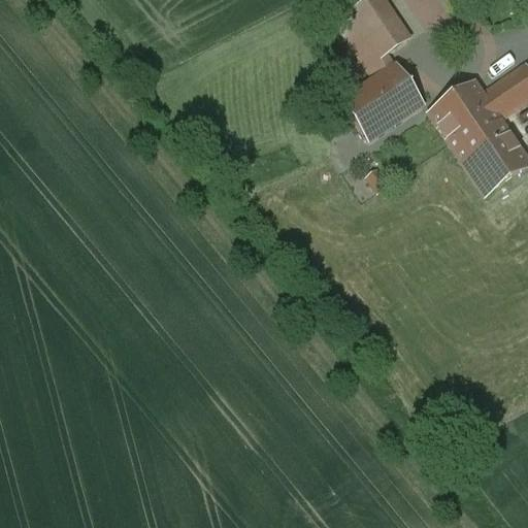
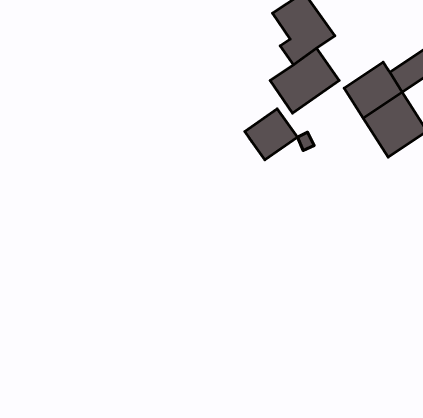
building: none -> [245,109,298,160]

